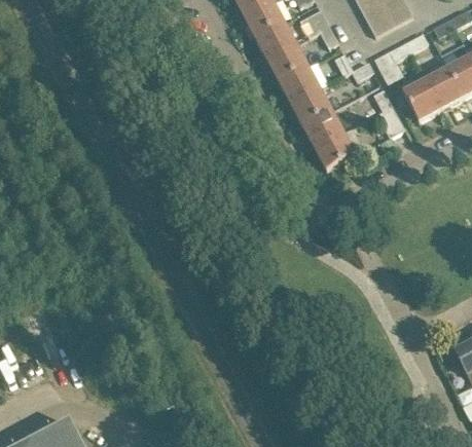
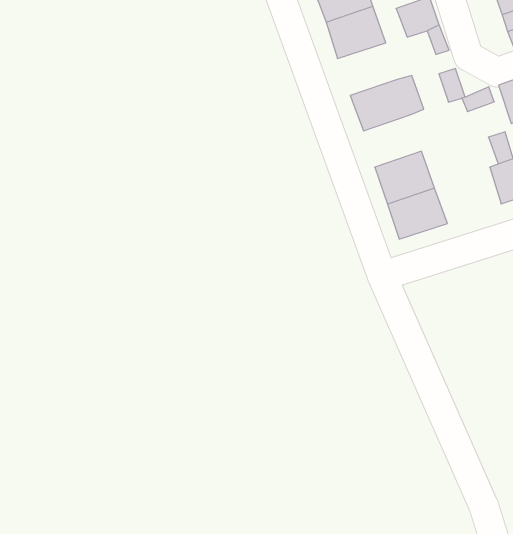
building: [266,43,307,81] -> none
building: [291,87,331,125] -> none

